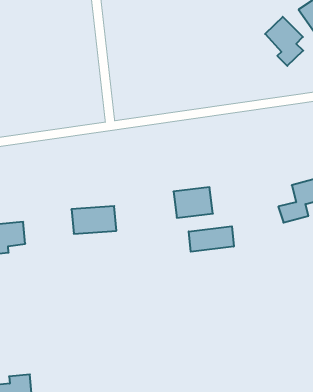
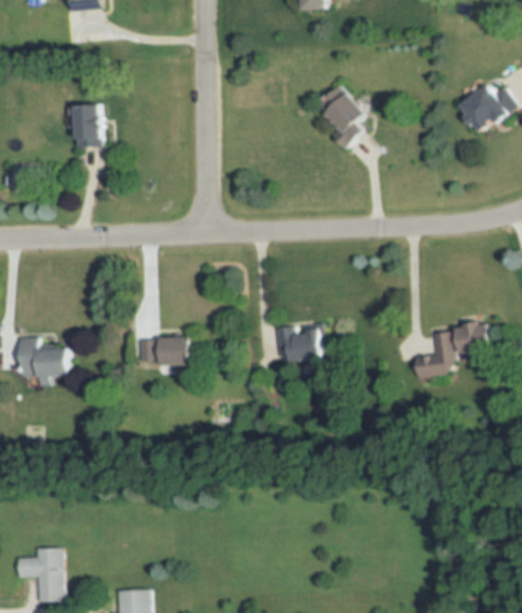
building: [265,17,303,66] -> [319,84,369,149]
building: none -> [75,102,110,146]
building: [189,226,234,252] -> none

